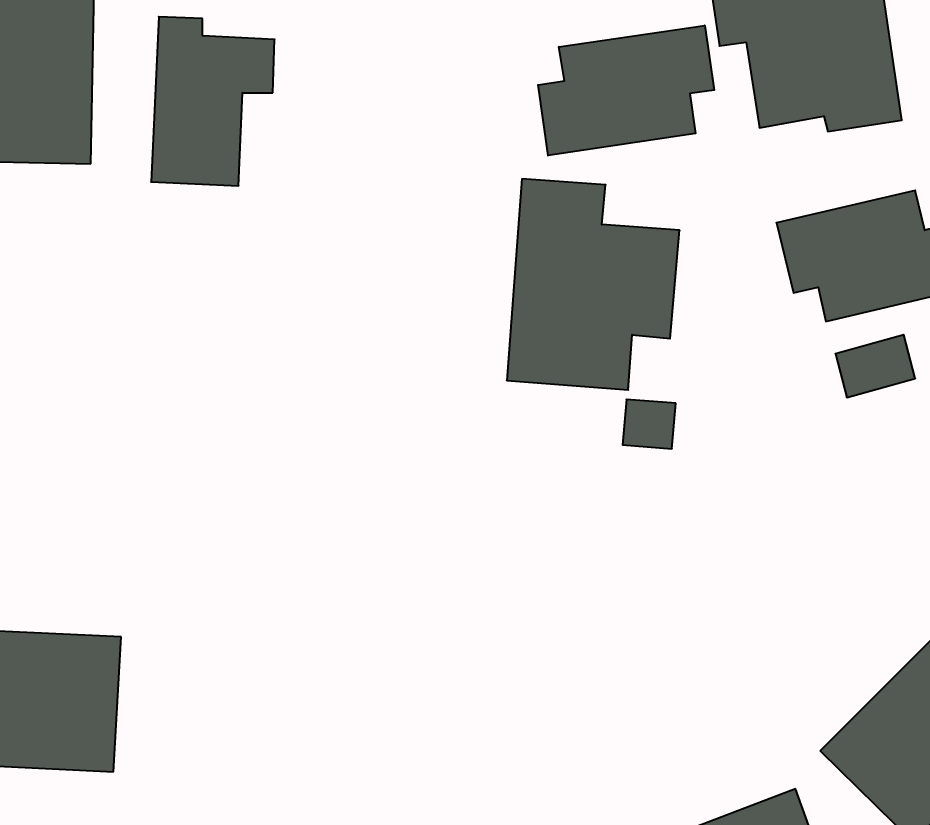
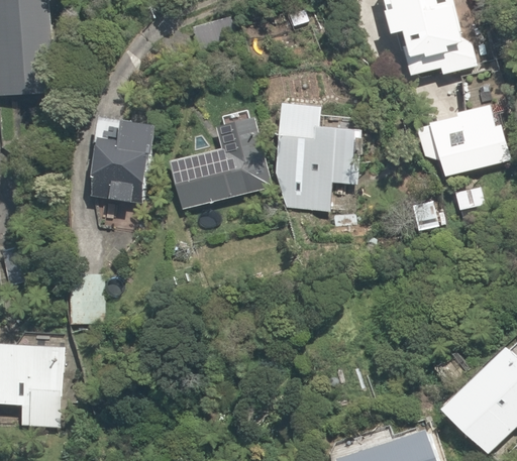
building: [151,17,275,186] -> [91,112,157,202]
building: [538,25,714,156] -> none
building: none -> [168,116,271,215]

